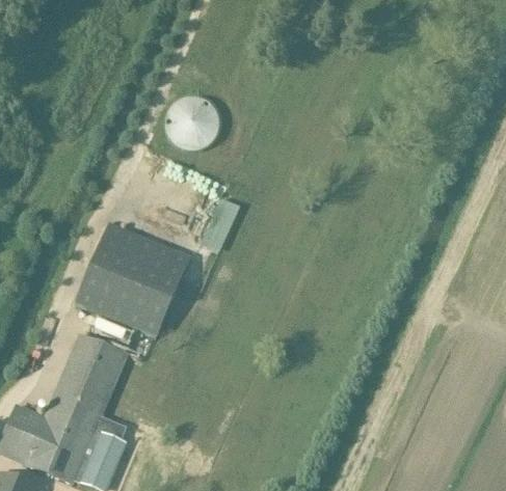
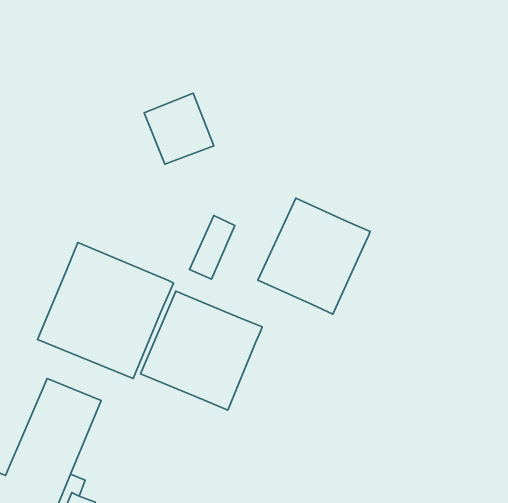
building: none -> [258,198,370,314]
building: none -> [141,291,262,410]

